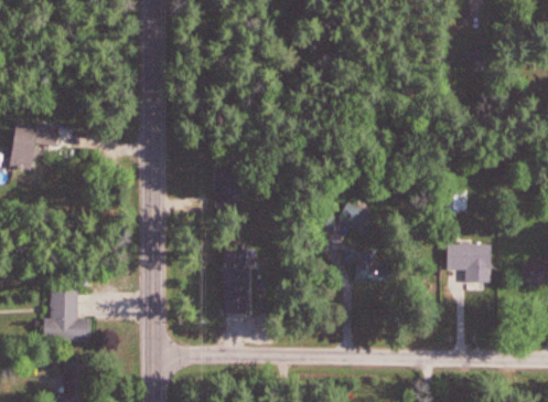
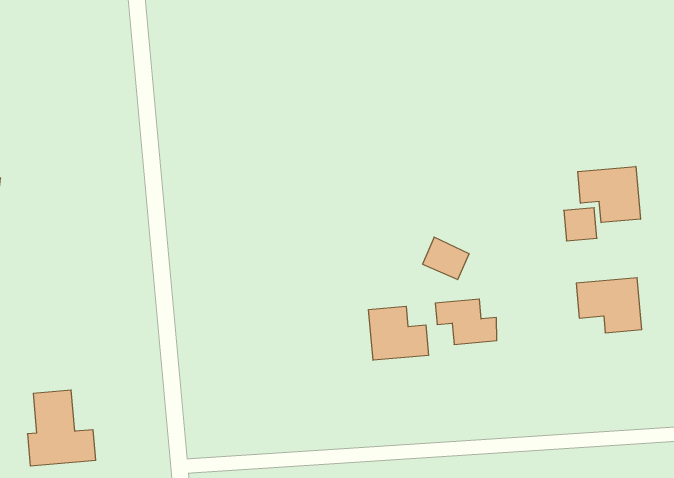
building: none -> [578,166,640,223]
building: none -> [369,306,429,360]

